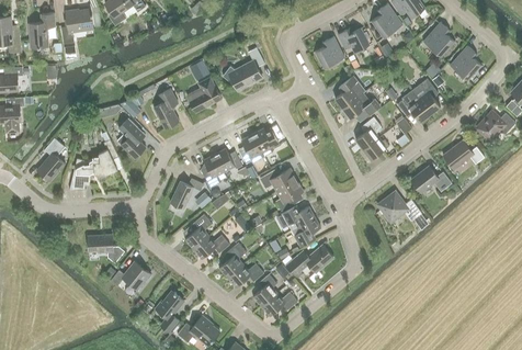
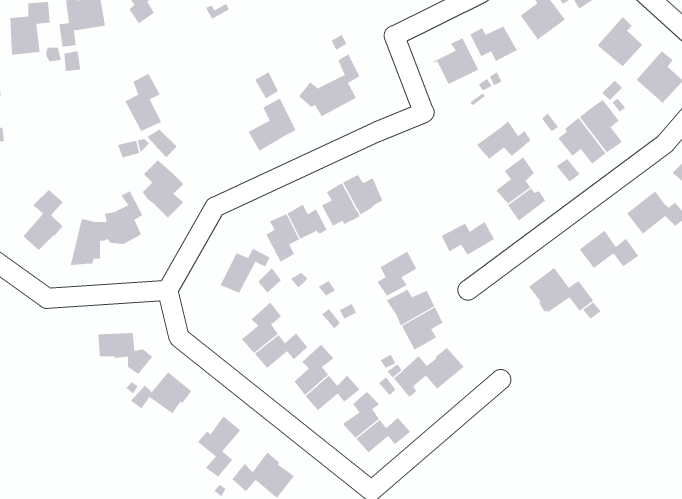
building: [333,75,364,108] -> none
building: [152,88,178,127] -> [124,73,162,132]
building: [259,167,295,190] -> [441,221,495,255]

